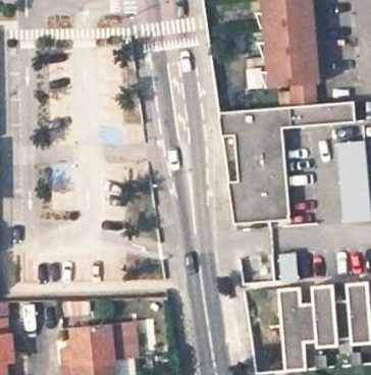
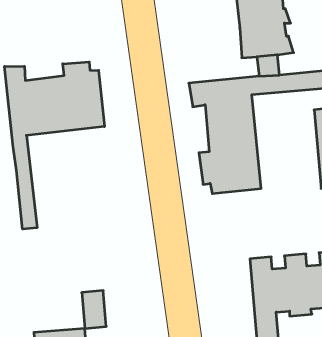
building: none -> [5,62,104,229]
building: [60,323,113,363] -> none

